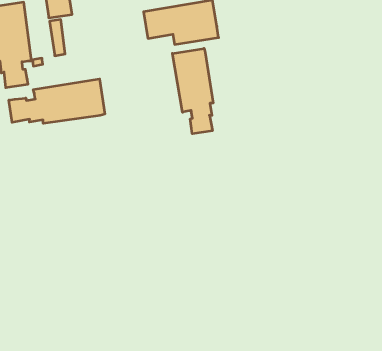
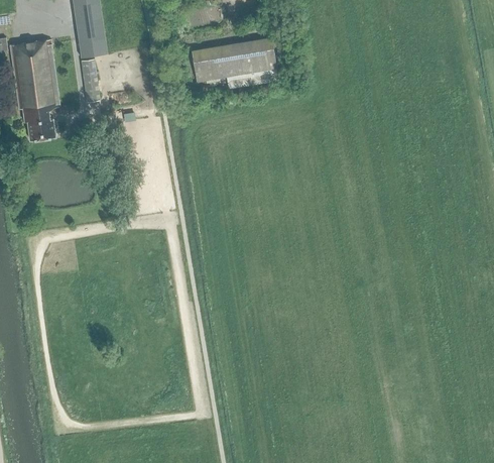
building: [172,48,213,134] -> none
building: [9,79,105,123] -> none

